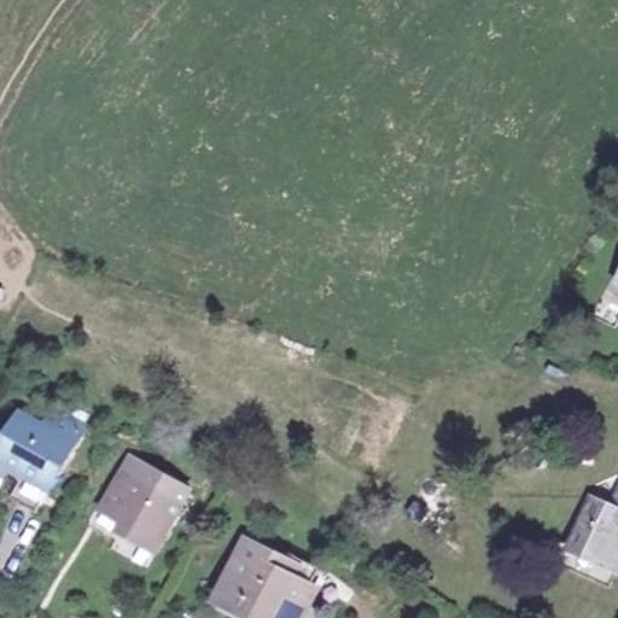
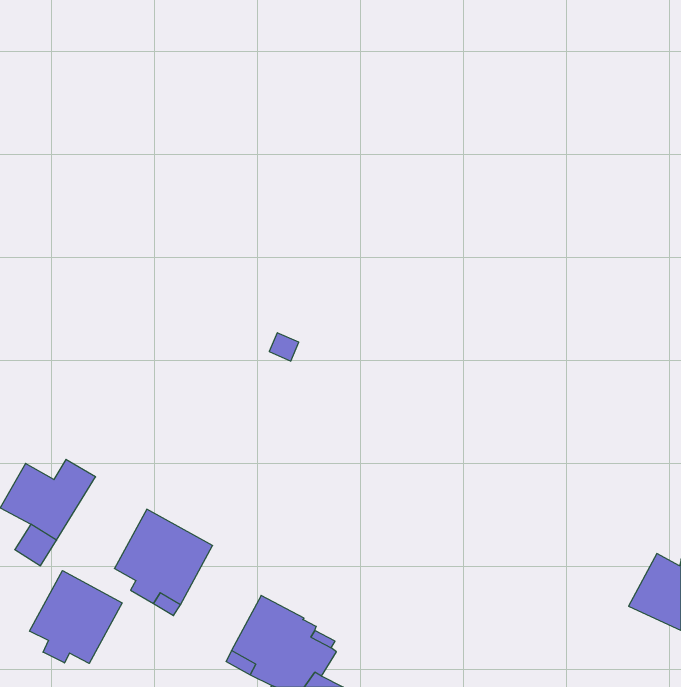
building: none -> [30,571,122,663]

